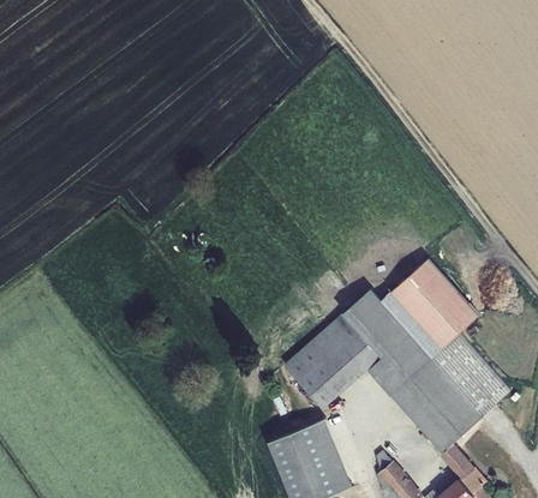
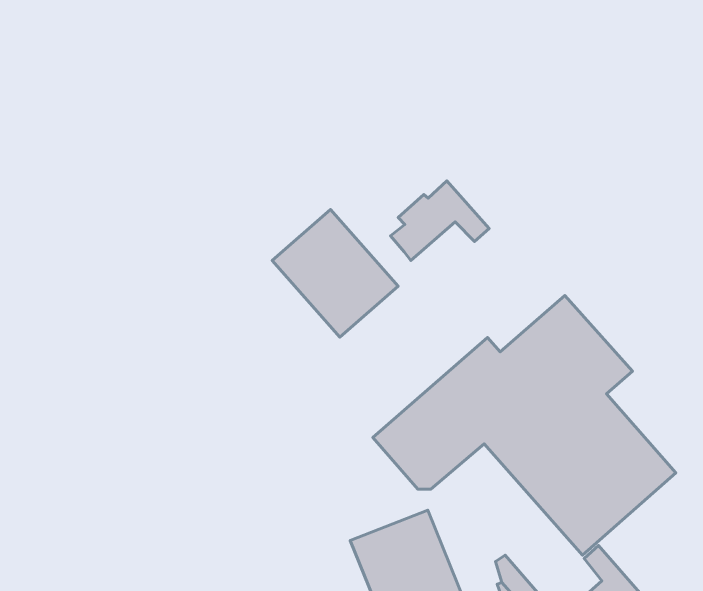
building: none -> [391,181,489,260]
building: none -> [272,209,398,337]

